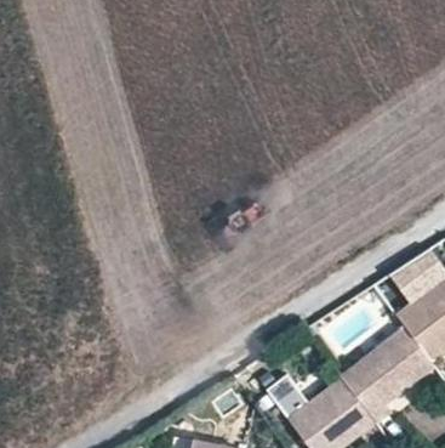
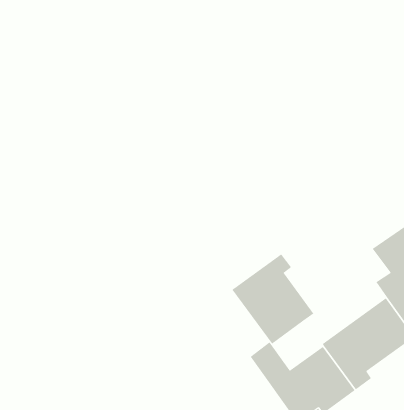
building: none -> [232,253,314,345]

